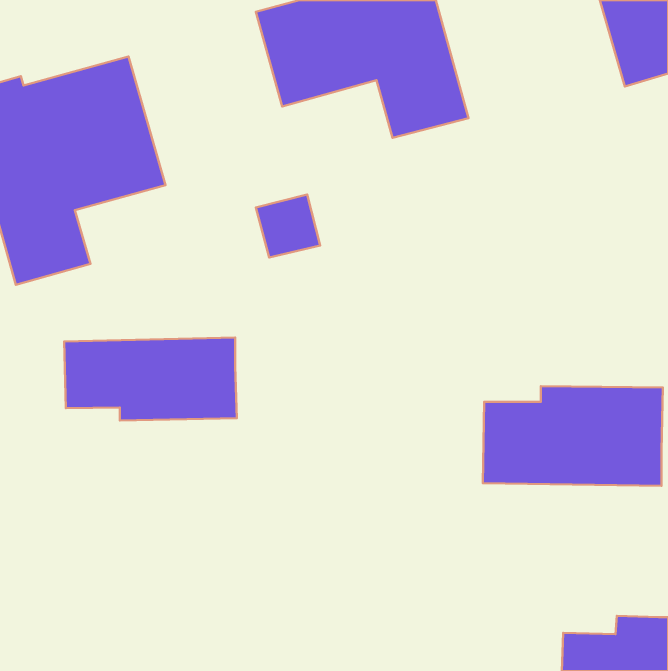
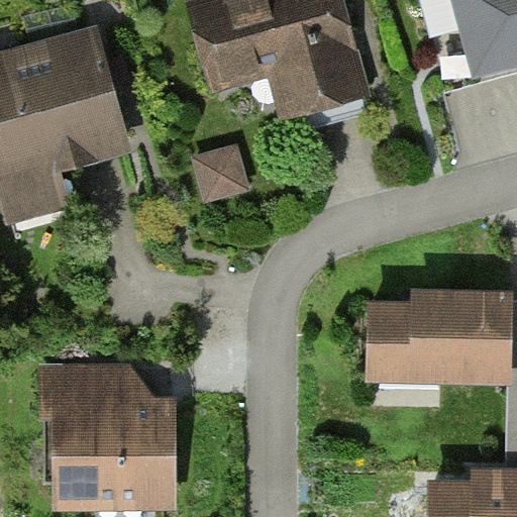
building: [64,337,237,421] -> none
building: none -> [40,369,173,499]

